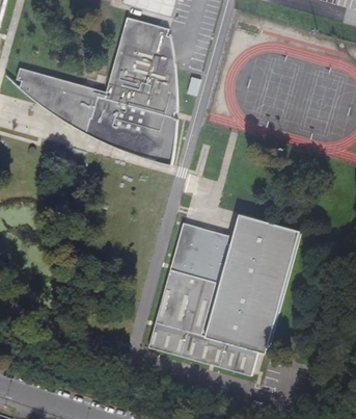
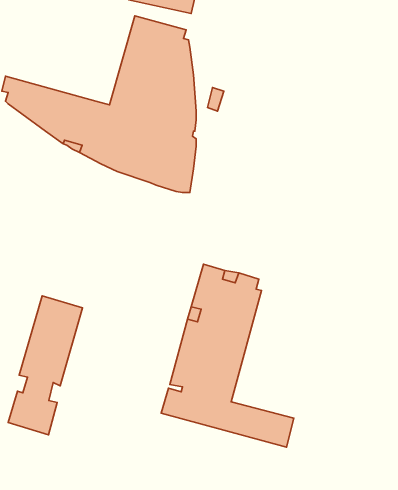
building: [206,213,300,353] -> none
building: none -> [8,296,82,435]

